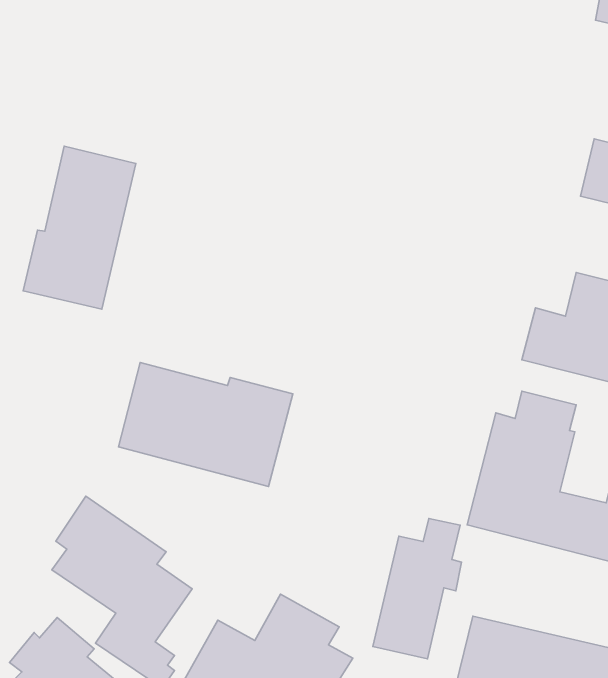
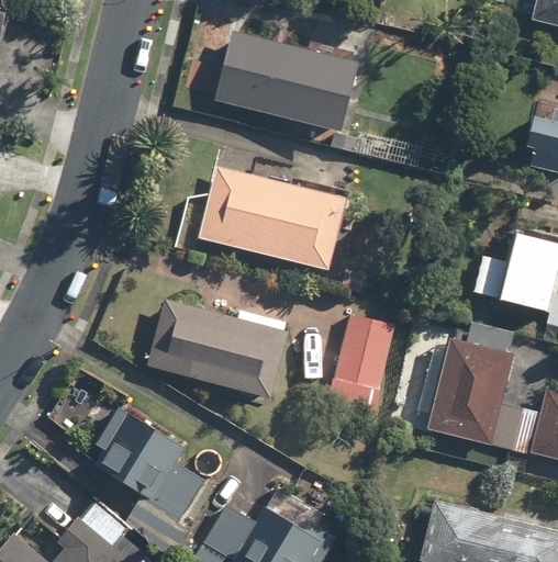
building: none -> [214,31,357,133]
building: [23,146,136,309] -> none
building: none -> [200,166,345,272]
building: [373,518,461,659] -> [330,302,401,415]

